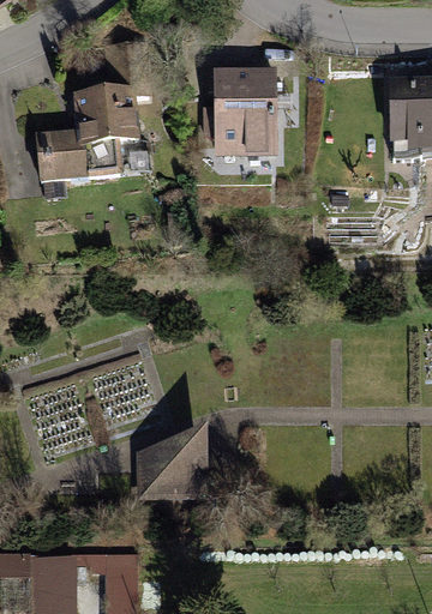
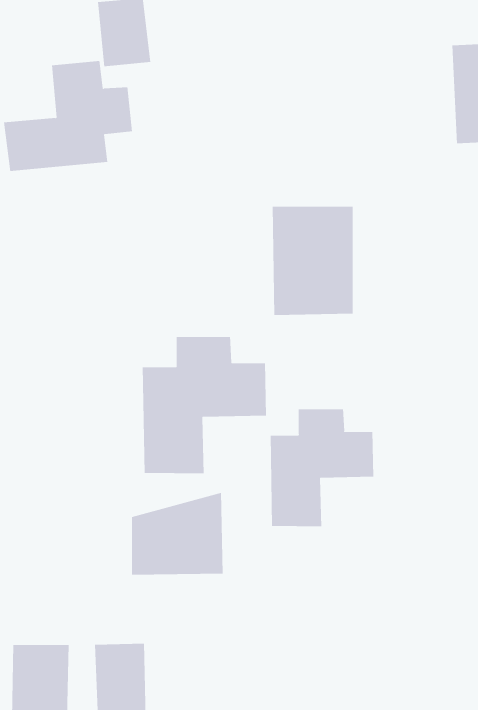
building: [211,71,275,156] -> [272,206,354,315]
building: none -> [142,336,266,474]
building: none -> [270,408,374,527]

